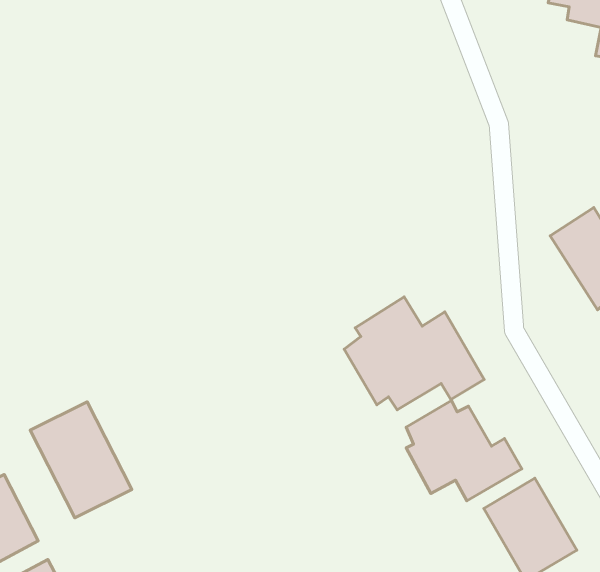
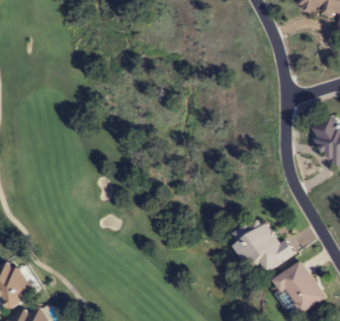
building: [344,297,484,410] -> none
building: [30,402,132,518] -> none

